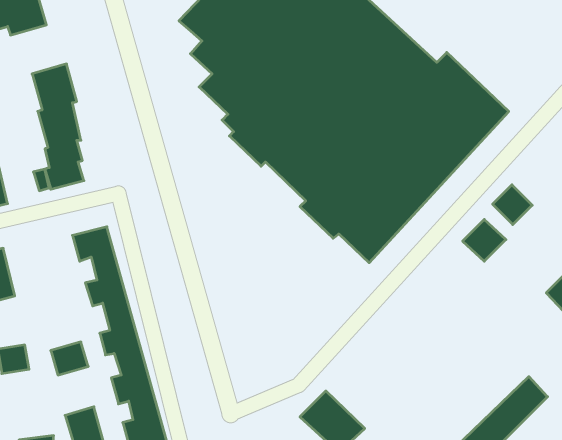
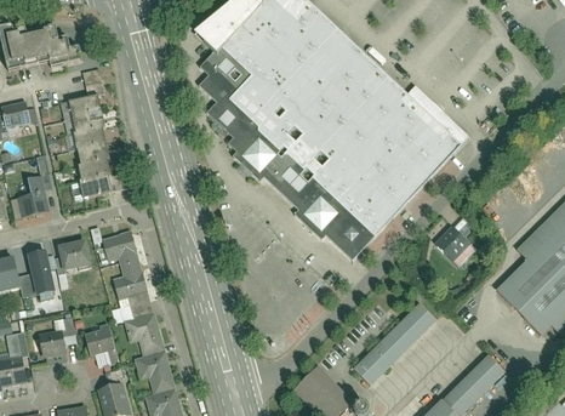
building: [493,185,532,225] -> none
building: none -> [57,239,91,269]
building: none -> [352,307,435,387]

